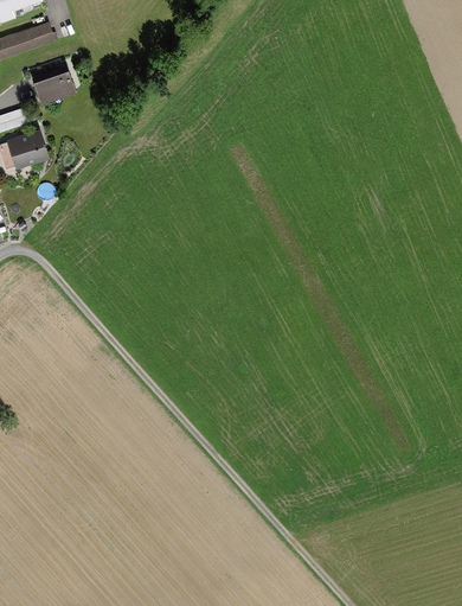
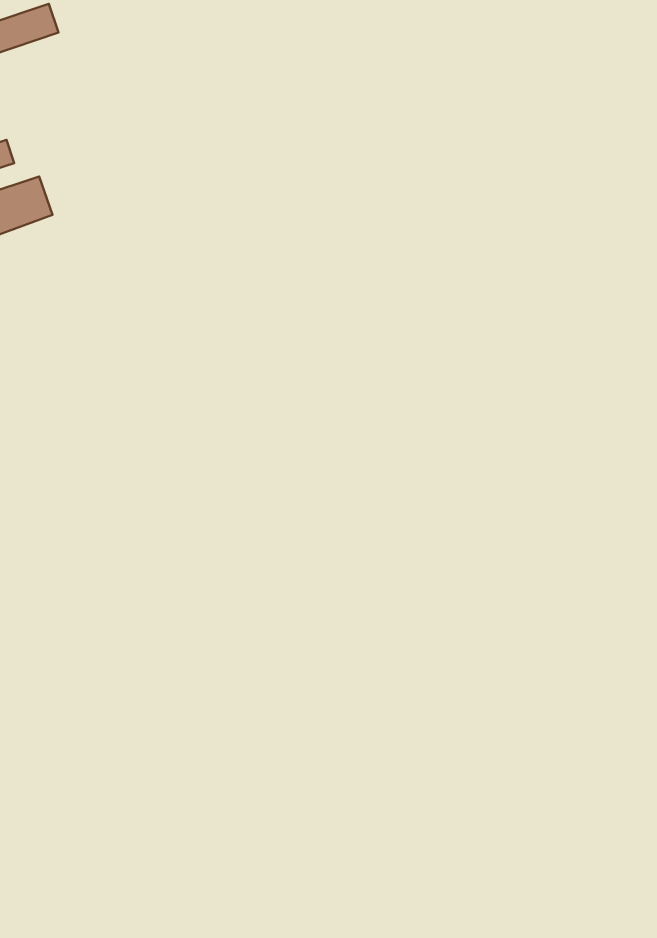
building: [33,71,73,106] -> none

